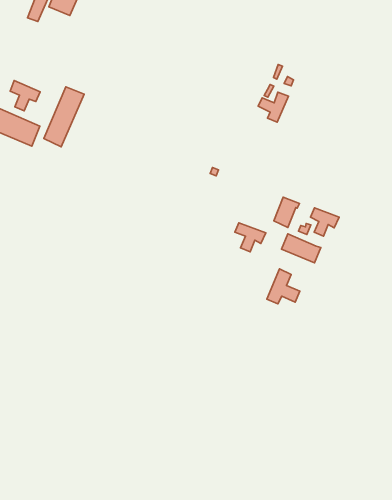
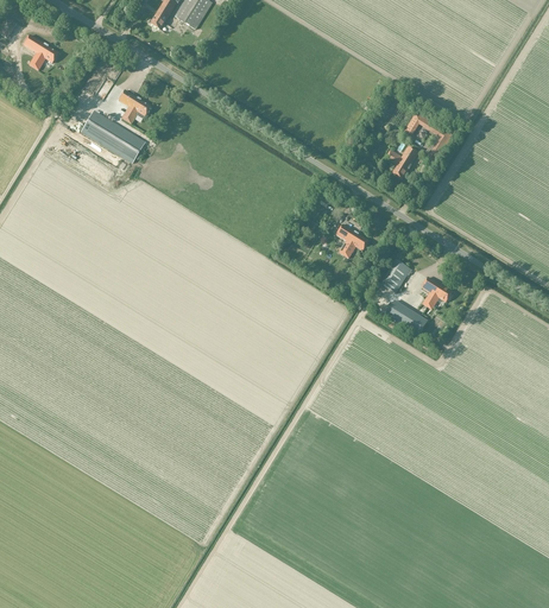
building: [44,87,84,147] -> none
building: [235,223,266,252] -> [336,224,370,258]
building: [267,269,300,304] -> none

